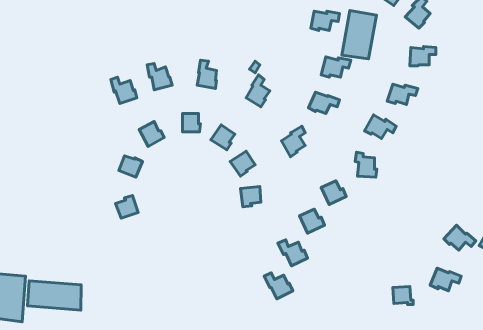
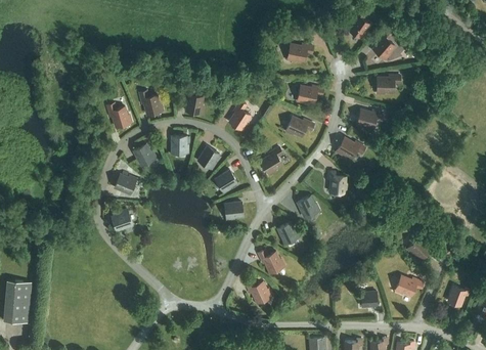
building: [342,11,376,59] -> none
building: [28,281,81,310] -> none

